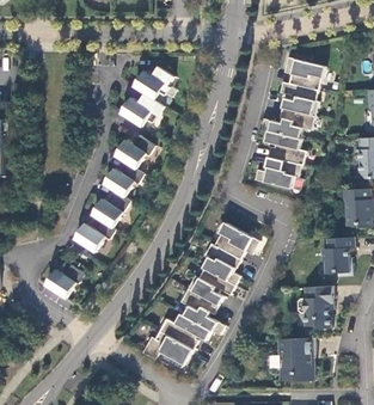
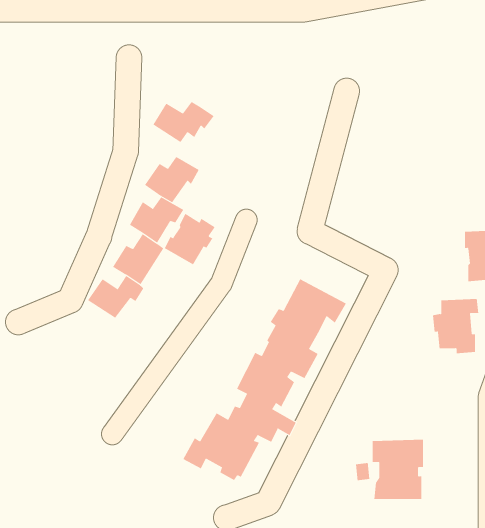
building: [253,56,324,188] -> none
building: [134,66,173,99] -> none
building: none -> [164,213,216,265]
building: [45,264,84,297] -> none
building: [298,286,333,327] -> none

